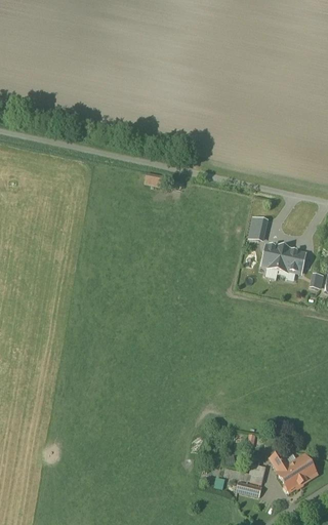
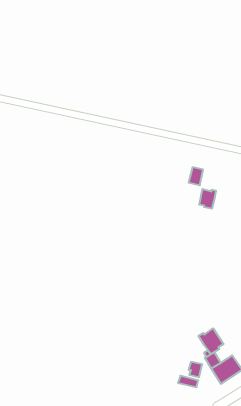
building: [279,246,305,272] -> none
building: none -> [198,328,223,354]

